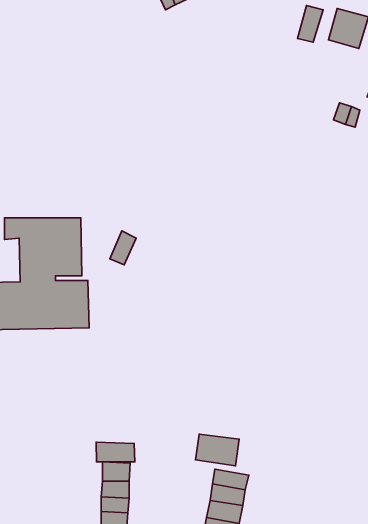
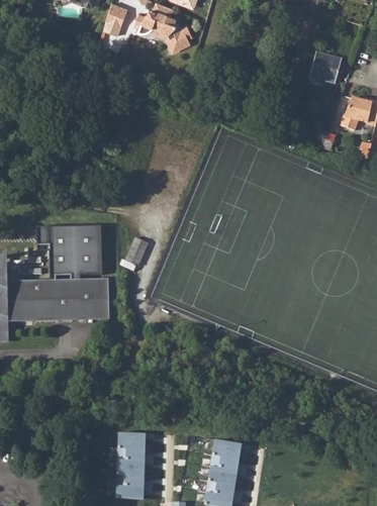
building: [298,6,323,42] -> none
building: [196,434,239,466] -> none
building: [96,442,135,462] -> none

